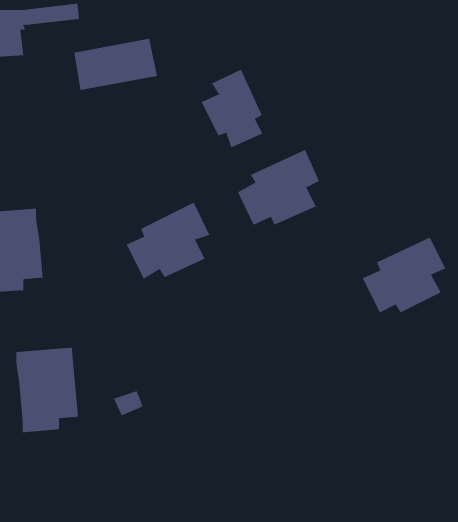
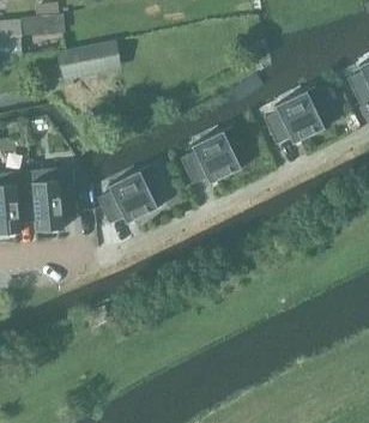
building: [201,69,263,148] -> none
building: [362,237,446,313] -> [265,85,328,143]
building: [15,347,79,433] -> [30,165,78,230]

